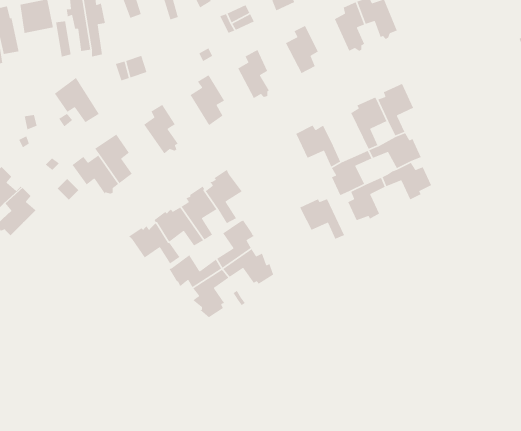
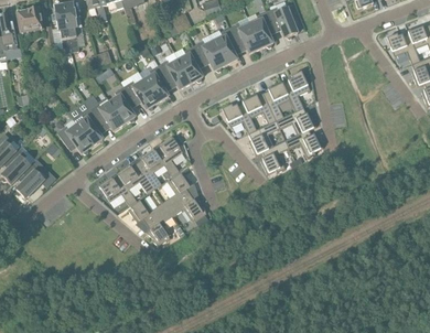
building: none -> [229,22,261,52]
building: none -> [194,40,226,71]
building: none -> [158,58,191,88]
building: [54,77,100,123] -> [89,95,123,129]
building: none -> [123,78,158,109]
building: [299,198,345,240] -> [241,92,276,122]
building: none -> [15,160,44,197]

